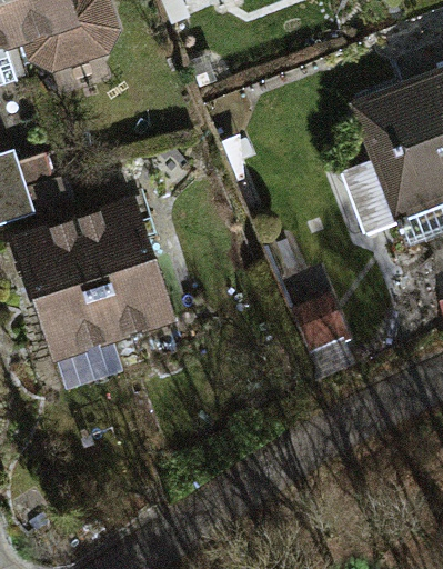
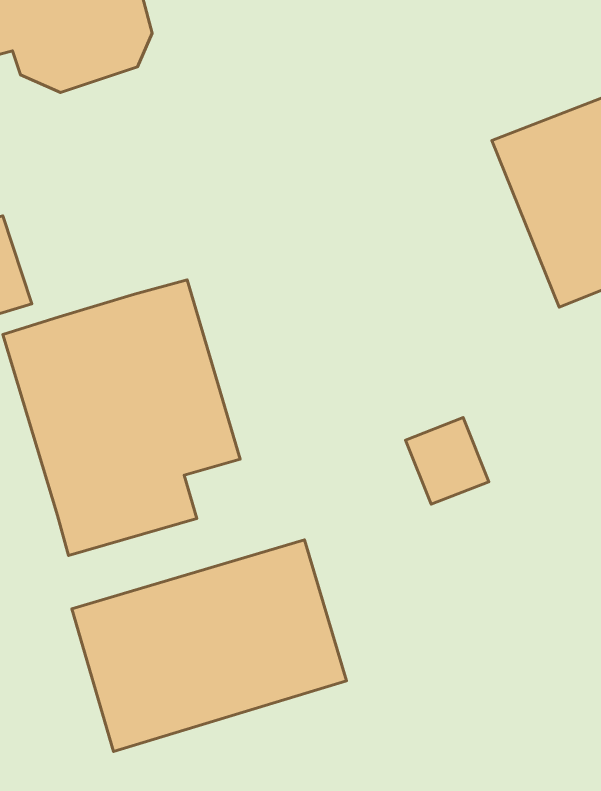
building: none -> [72,540,347,752]

